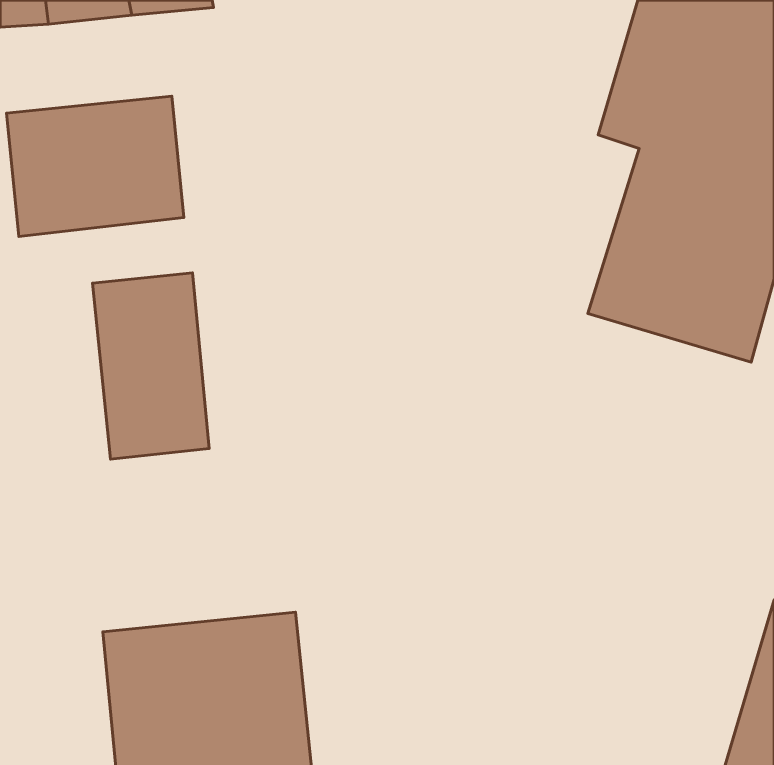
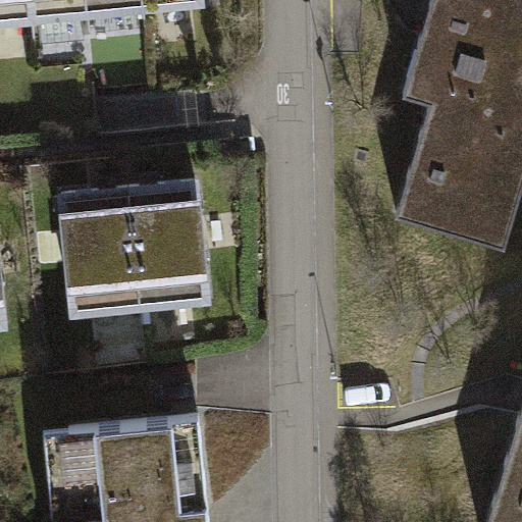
building: [6,96,184,236] -> none
building: none -> [129,184,208,308]

